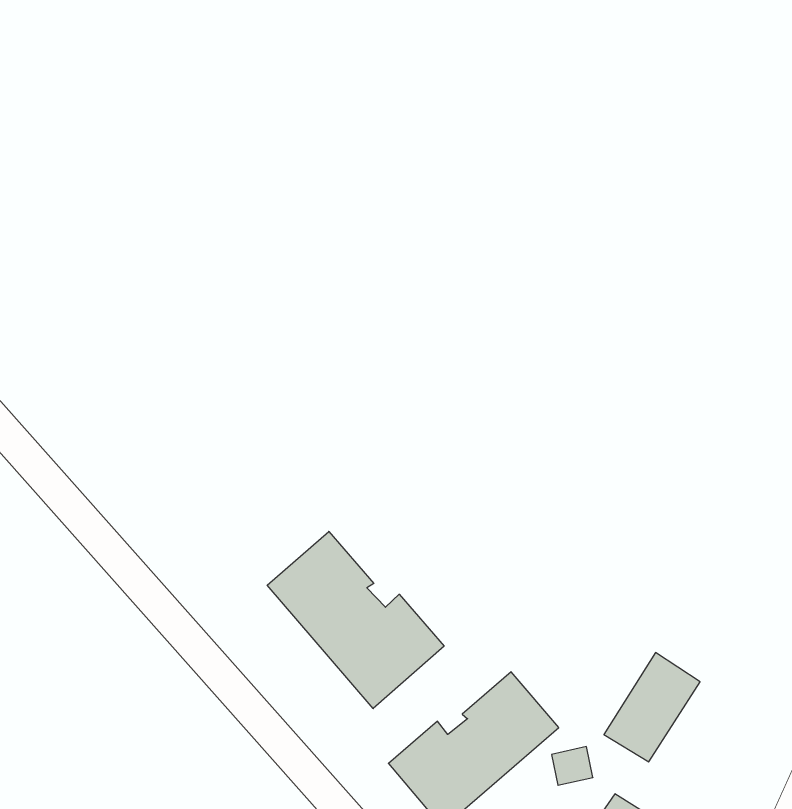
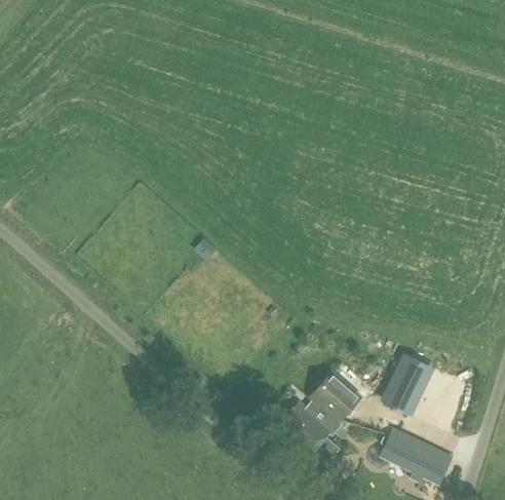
building: [267,531,444,709] -> none

